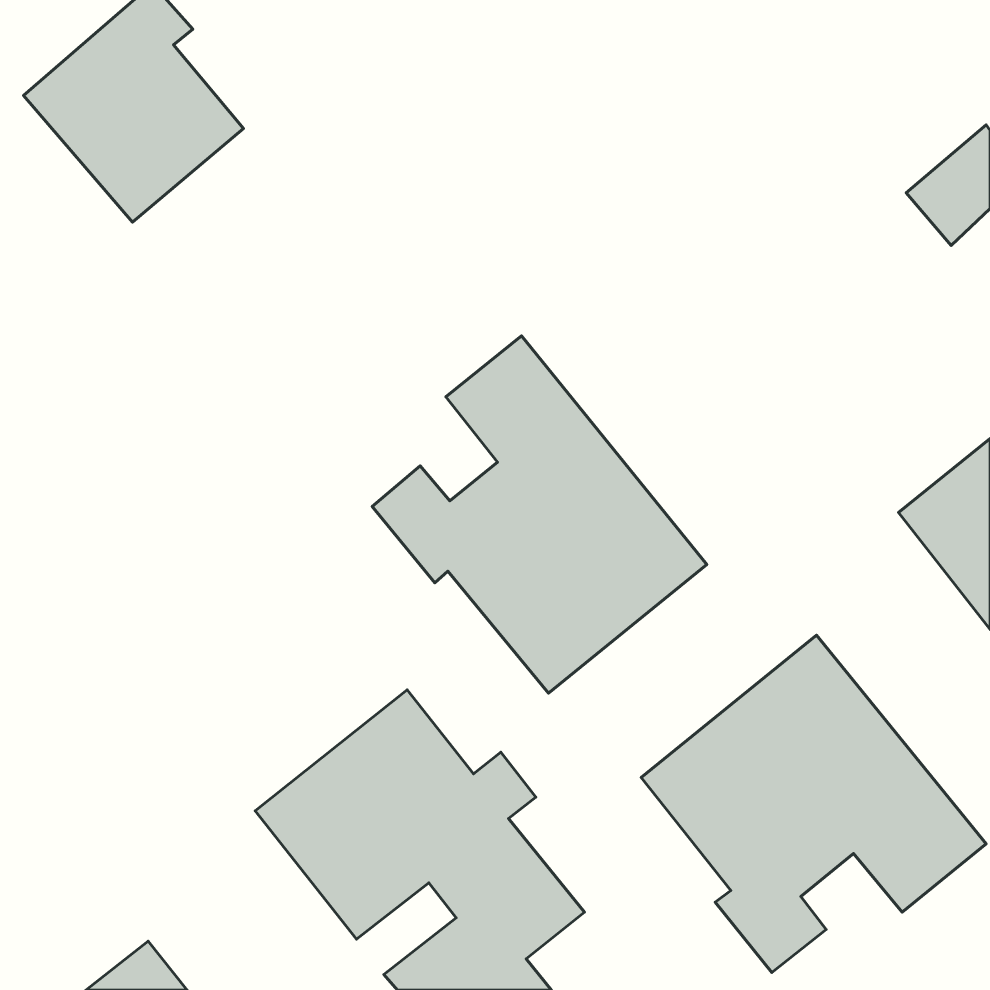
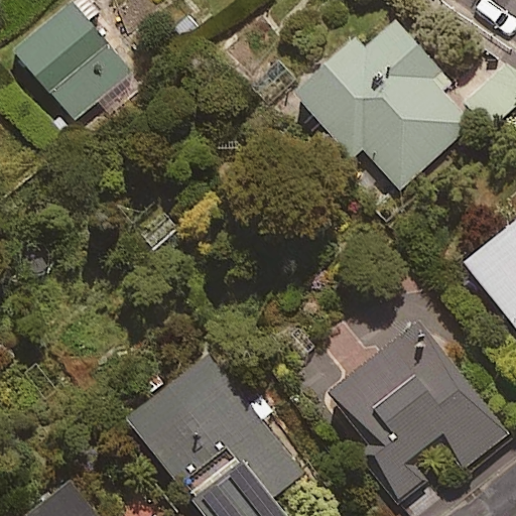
building: none -> [294,17,465,182]
building: [372,336,707,693] -> none

